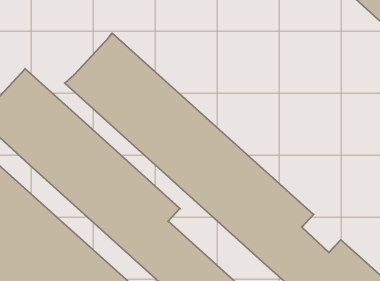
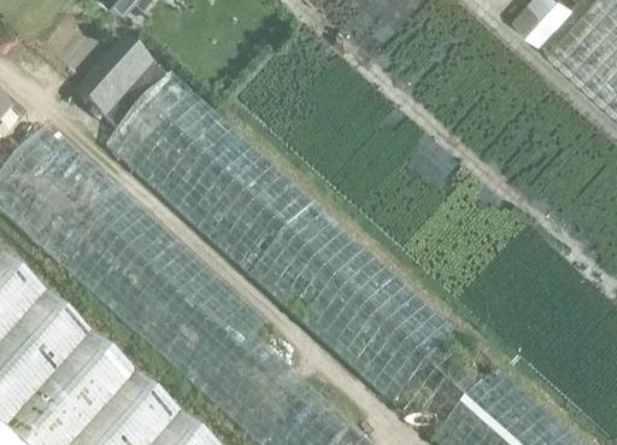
building: none -> [78,40,170,131]

